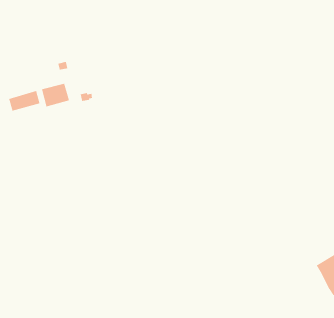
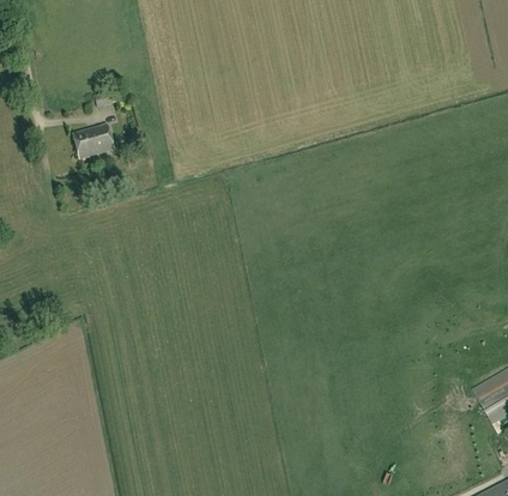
building: [9,90,40,112] -> none

